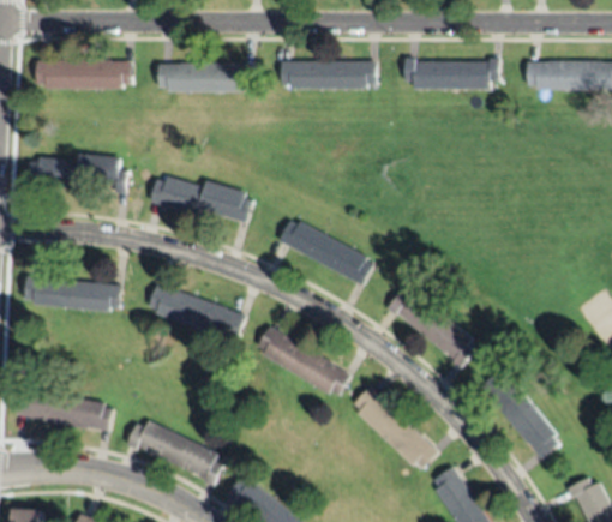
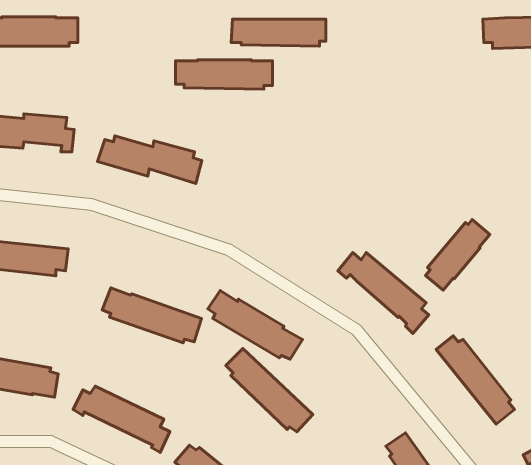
building: [406,58,499,89] -> none
building: [158,64,253,92] -> [176,60,272,89]
building: [278,221,372,286] -> none
building: none -> [425,220,490,290]
building: [149,284,246,338] -> [102,288,202,343]
building: [353,388,438,469] -> [226,348,313,432]

